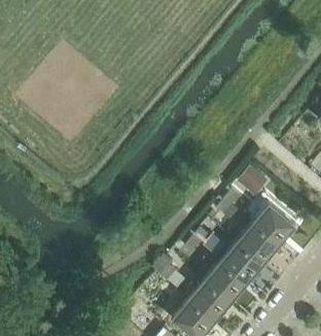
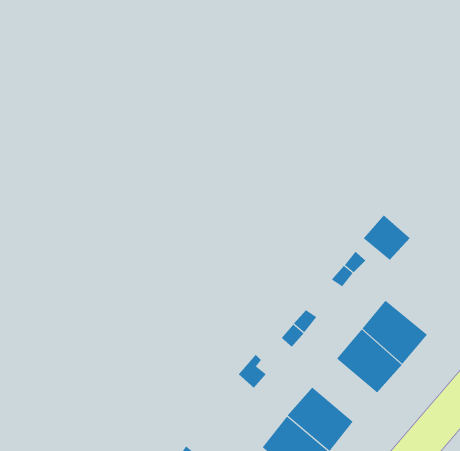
building: [252,204,296,246] -> none
building: [205,262,247,303] -> none

